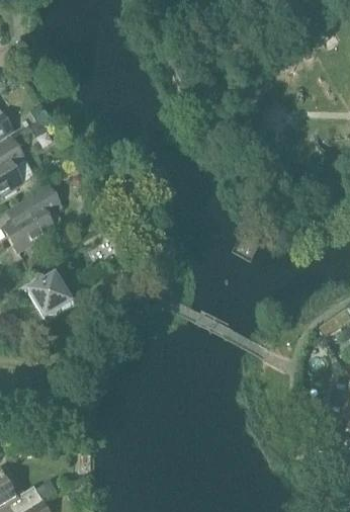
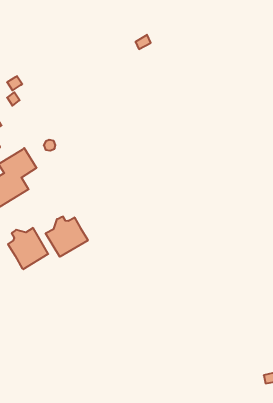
building: none -> [46,216,88,257]

